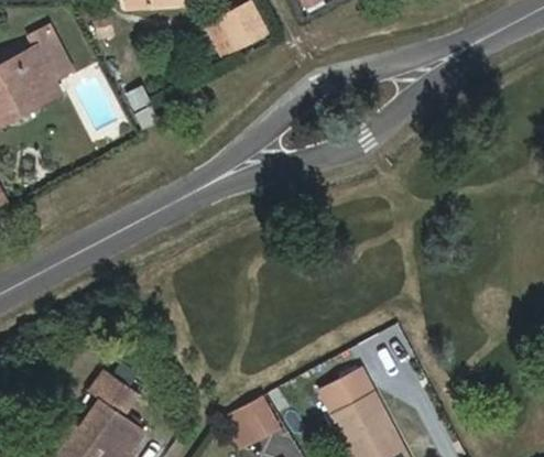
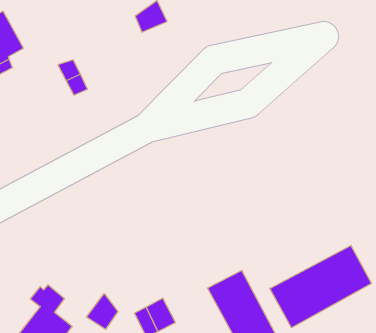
building: none -> [270,245,371,328]
building: none -> [87,294,118,329]

